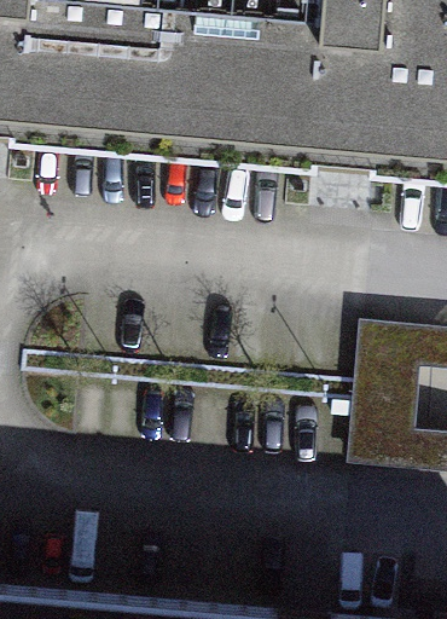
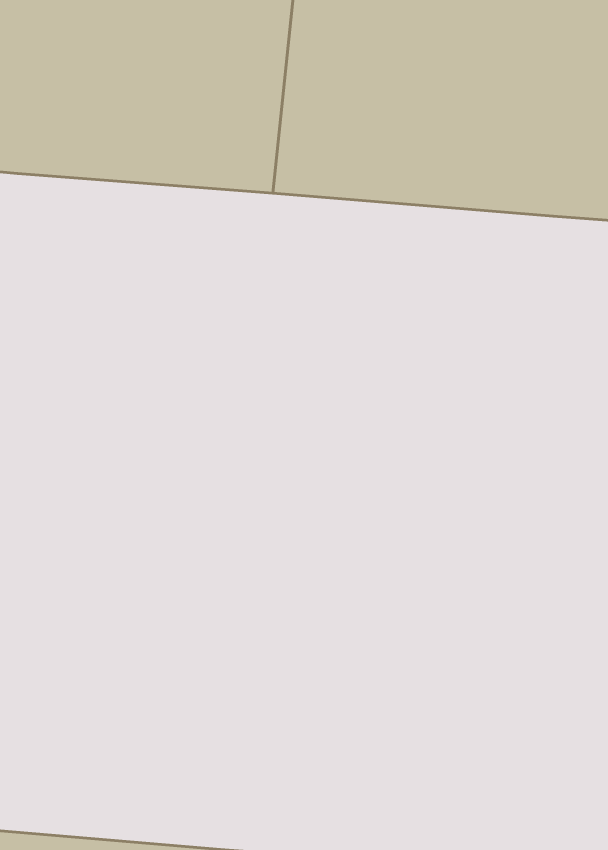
building: [352,303,424,442] -> none

